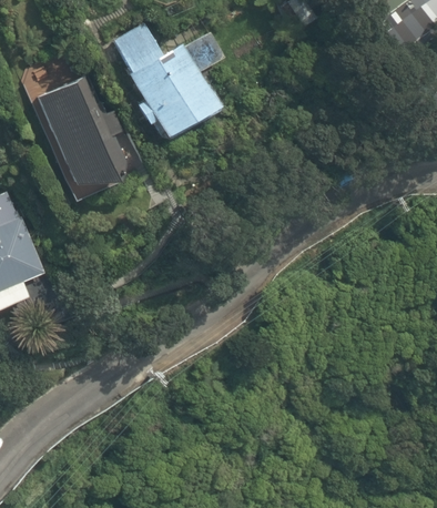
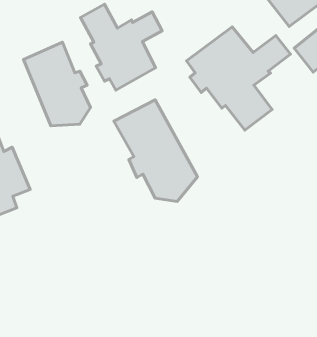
building: none -> [186,27,291,130]
building: none -> [114,100,198,202]

